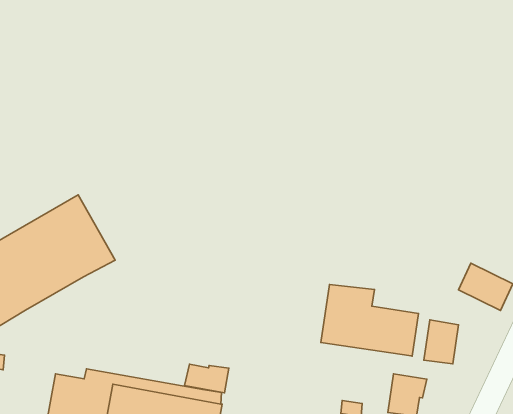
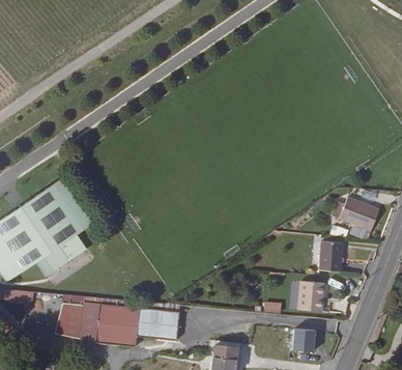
building: none -> [36,231,85,272]
building: [321,285,419,356] -> none
building: [185,364,229,393] -> none

